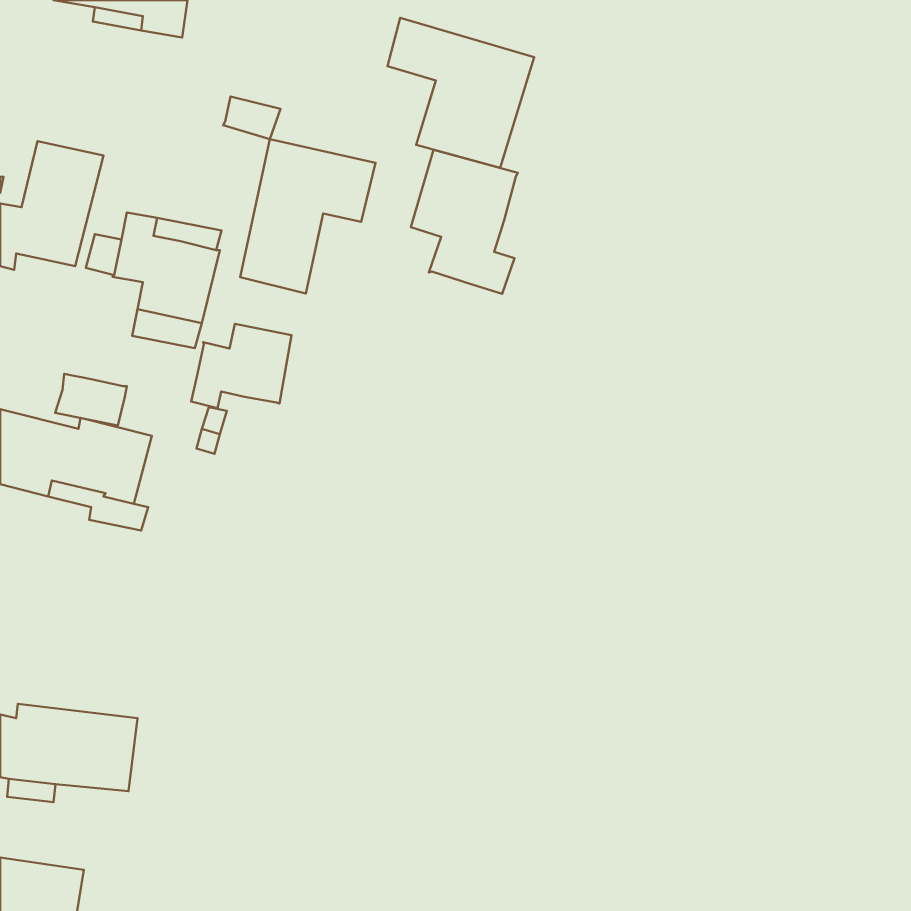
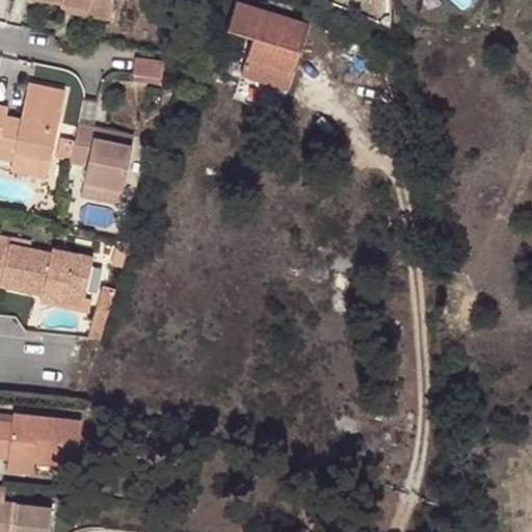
building: [240,139,376,294] -> none
building: [411,150,518,294] -> none
building: [191,324,292,408] -> none
building: [55,374,127,425] -> [5,149,47,179]

